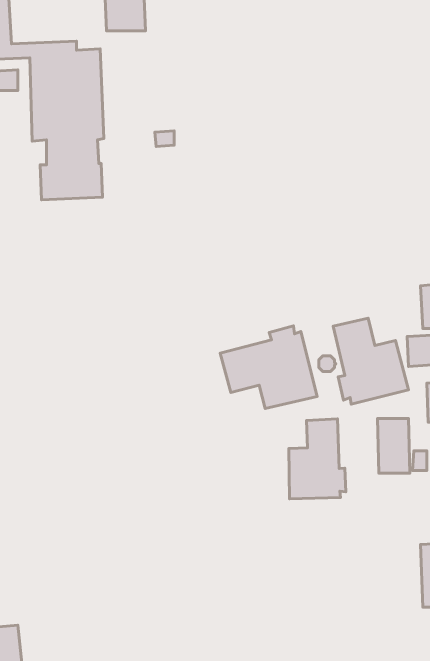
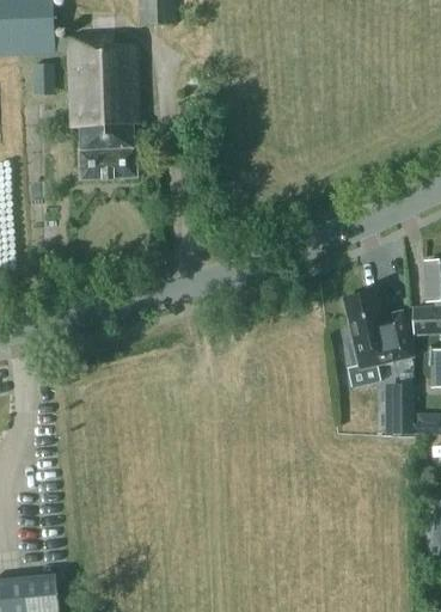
building: [220,326,317,409] -> none
building: [289,419,346,499] -> none

